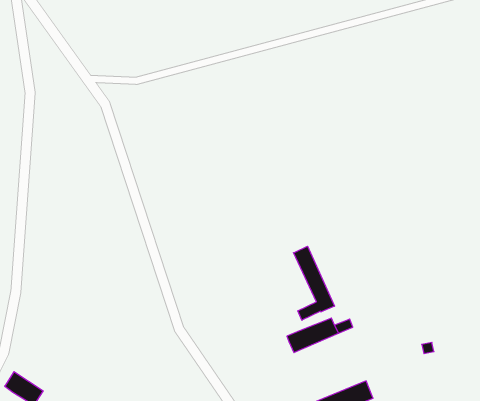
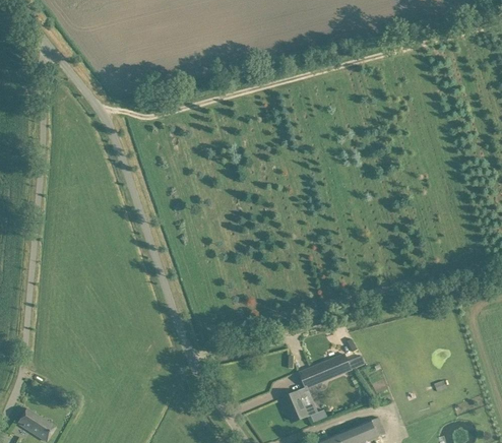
building: [294,246,334,320] -> none
building: none -> [280,390,317,421]

